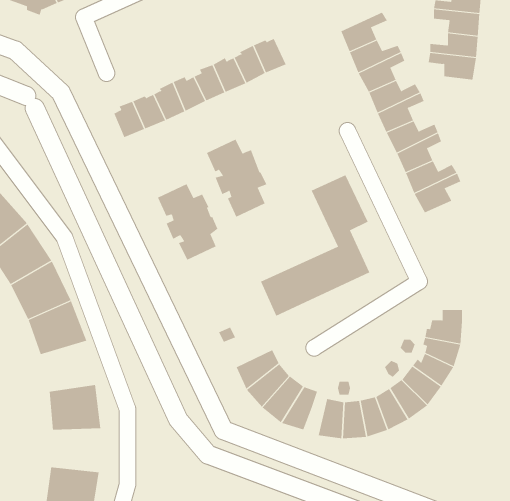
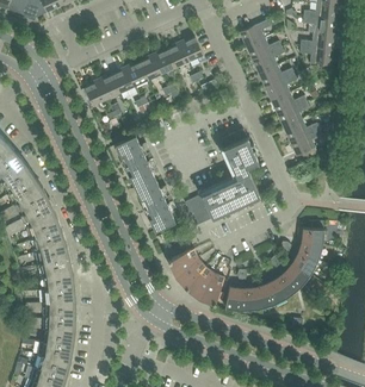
building: [206,139,267,218] -> [135,179,177,232]
building: none -> [35,243,73,277]
building: none -> [42,302,76,332]

